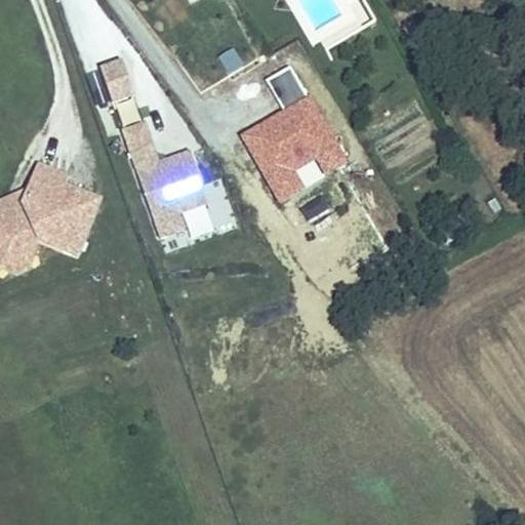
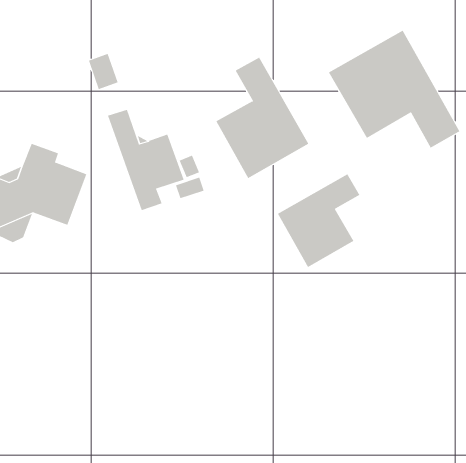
building: none -> [328,30,460,149]
building: none -> [277,174,360,268]

